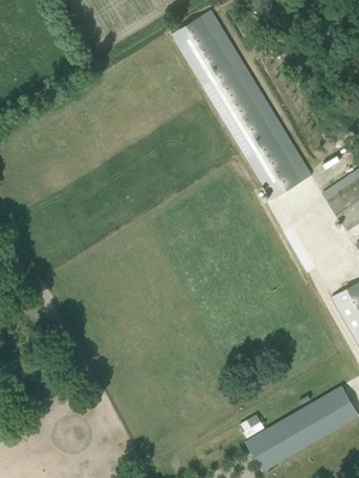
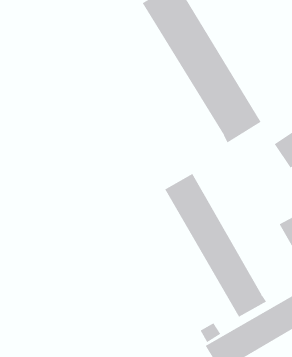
building: none -> [165,173,267,318]

